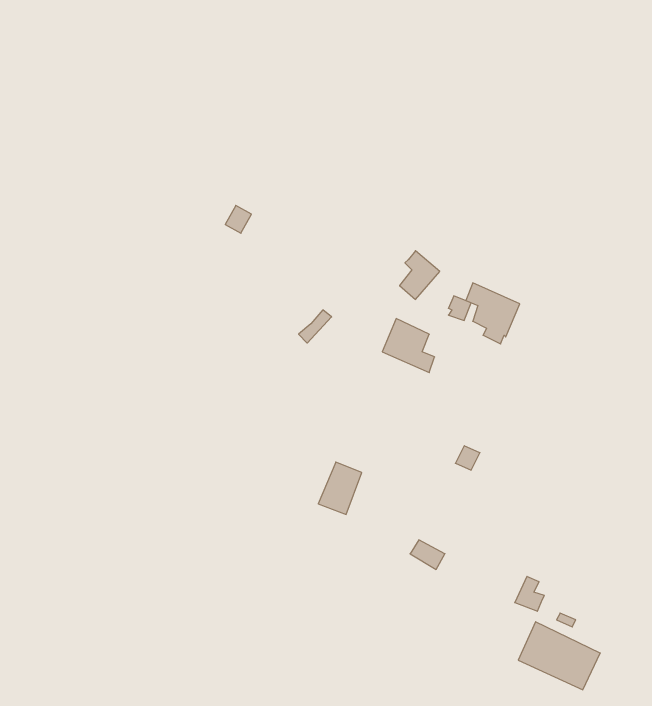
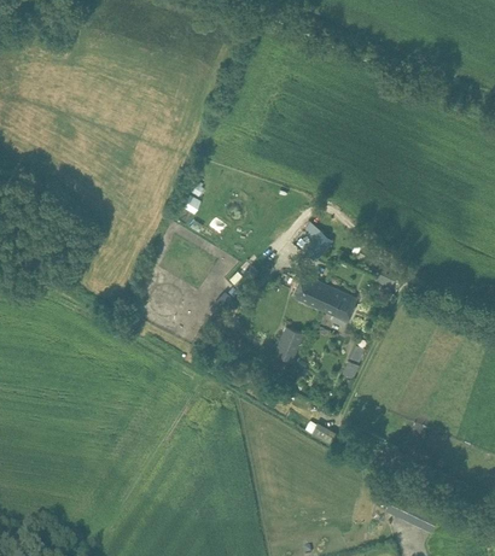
building: [466,283,520,344] -> [319,286,356,328]
building: [318,462,362,514] -> [272,328,302,364]

